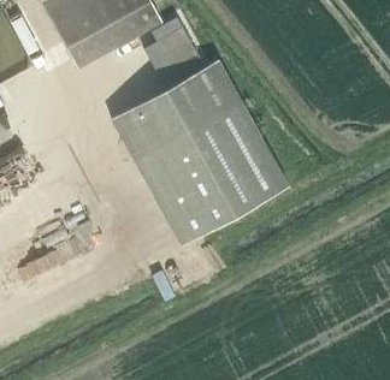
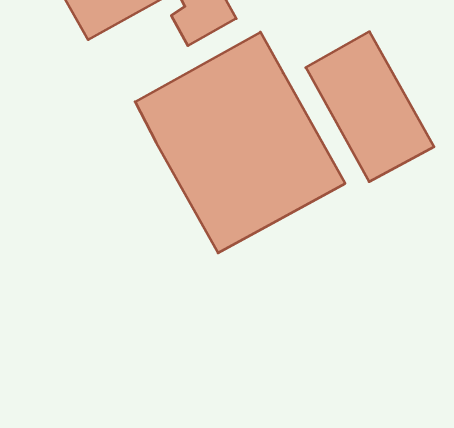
building: none -> [306,32,434,182]

